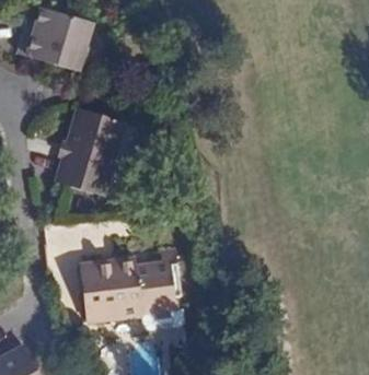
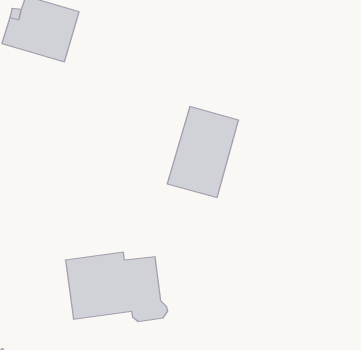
building: [57,109,126,197] -> [167,107,239,197]

